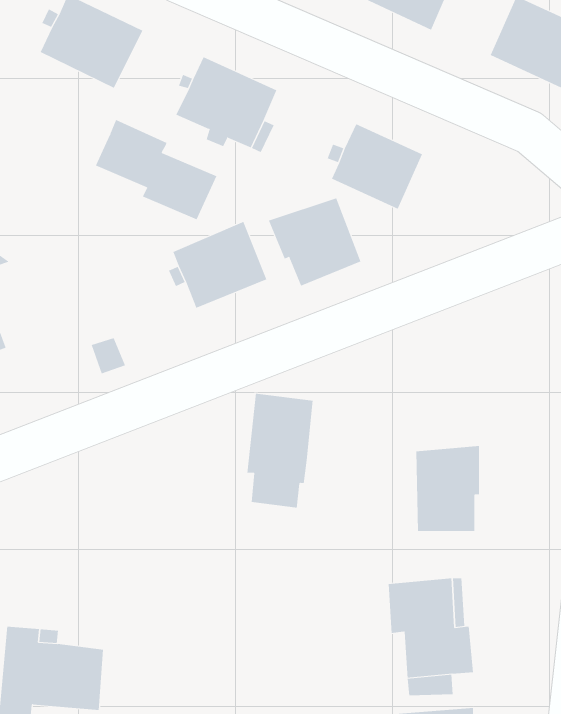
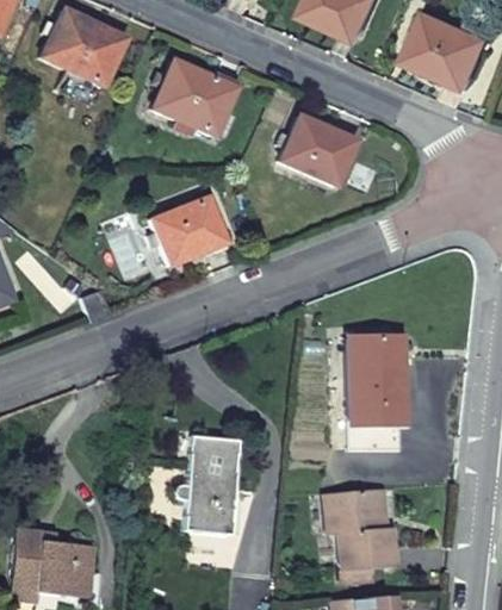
building: [95,119,217,220] -> none
building: [268,198,361,287] -> none
building: none -> [349,336,402,384]
building: [246,393,313,508] -> [185,434,240,528]

